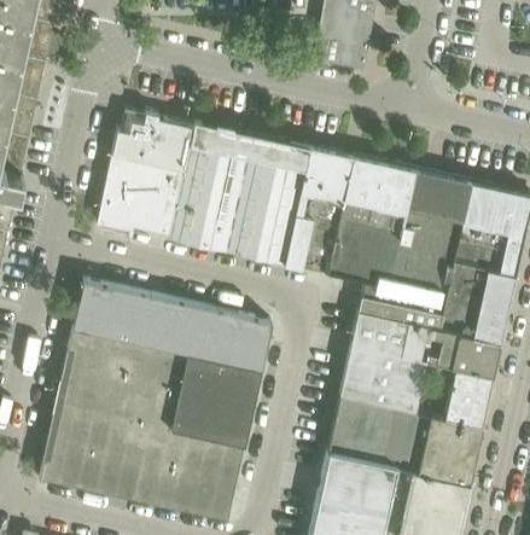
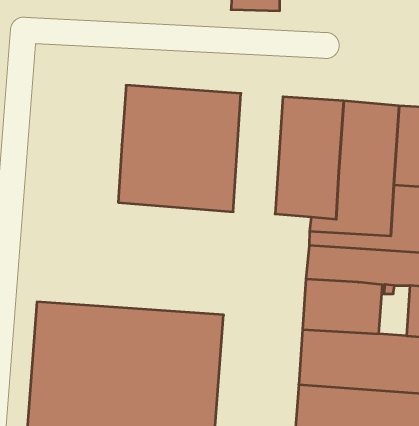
building: [95,111,194,239] -> none
building: [285,146,353,274] -> none
building: [71,280,270,370] -> none

